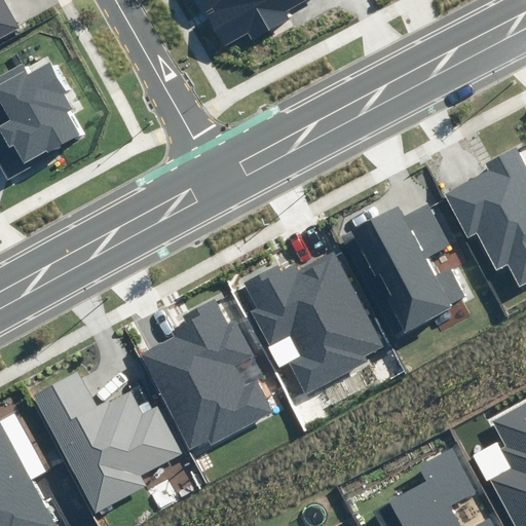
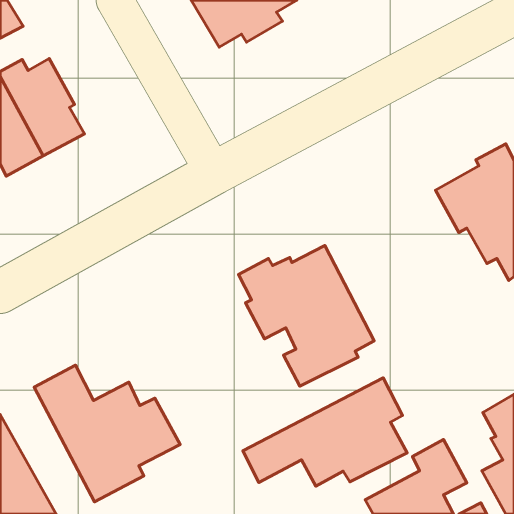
building: [342,205,468,337] -> none
building: [139,300,277,451] -> none
building: none -> [243,378,407,486]

